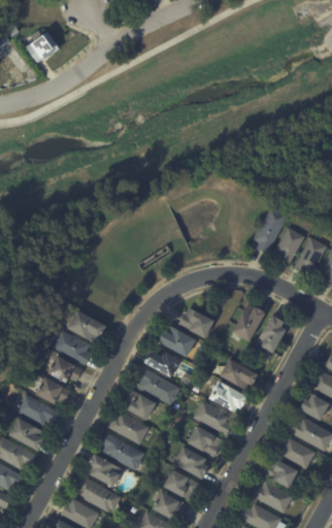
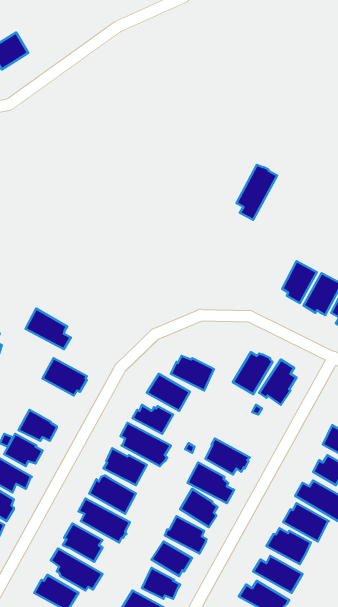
building: [254,206,289,254] -> [236,165,277,220]
building: [53,330,92,365] -> [25,309,71,349]
building: [221,357,259,388] -> none

